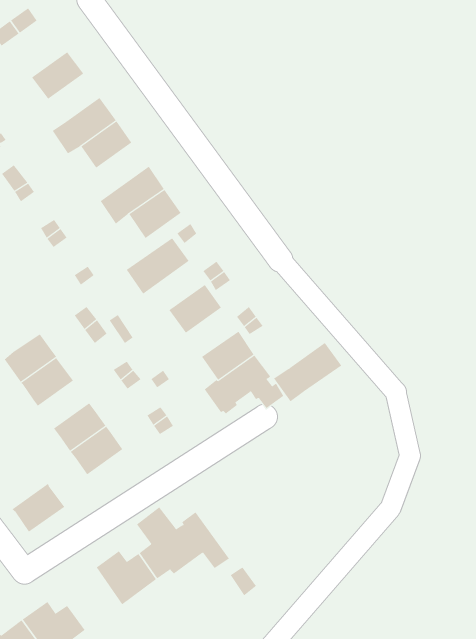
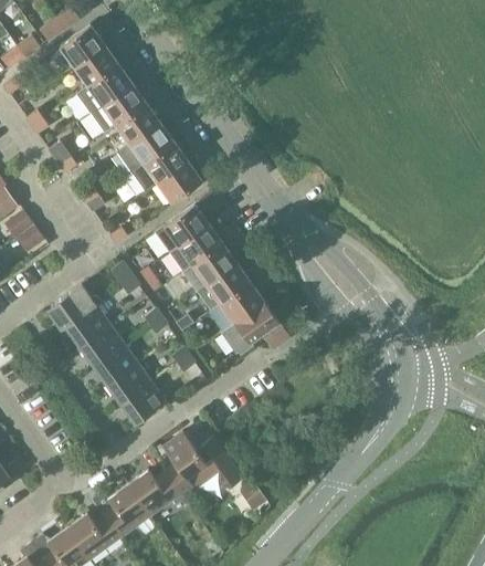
building: none -> [59,24,104,67]
building: none -> [76,64,131,113]
building: none -> [117,123,173,172]
building: none -> [168,223,221,272]
building: [273,342,342,402] -> [191,263,250,314]
building: none -> [78,325,123,366]
building: [12,483,65,533] -> [120,384,166,426]
building: none -> [104,484,150,537]

